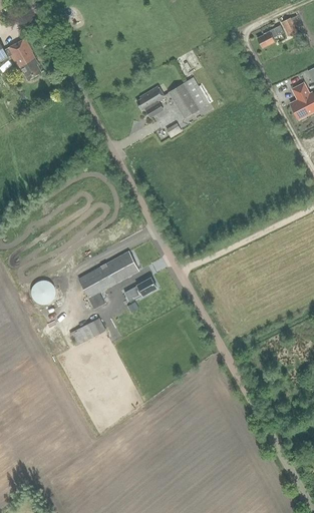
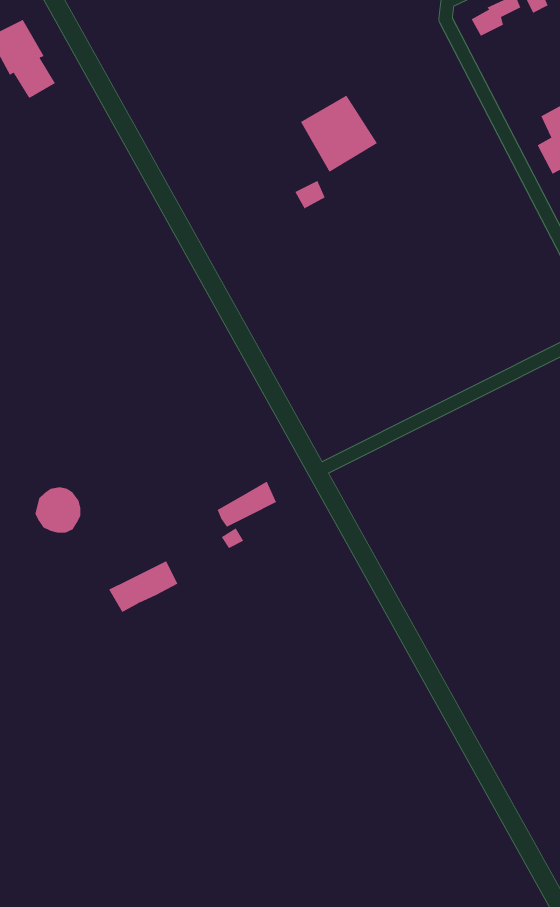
building: [136,85,165,117] -> none
building: [78,250,139,309] -> none

